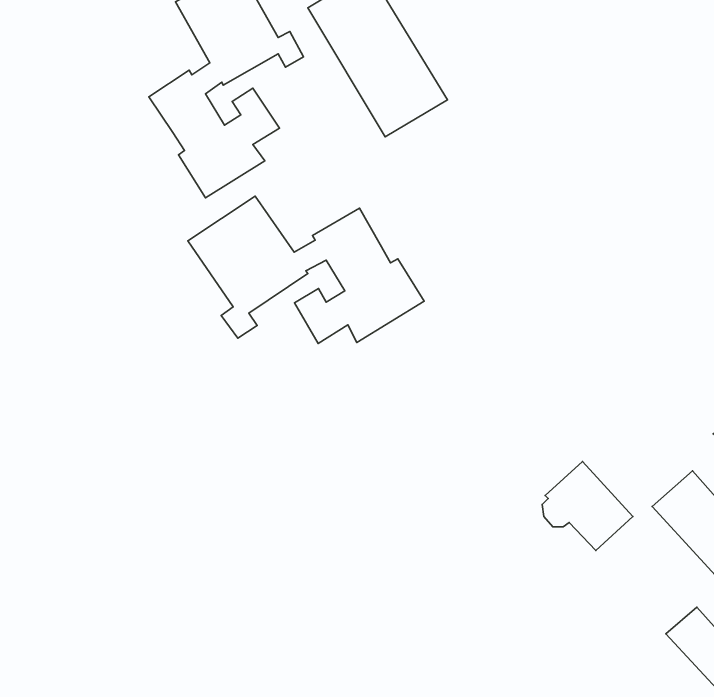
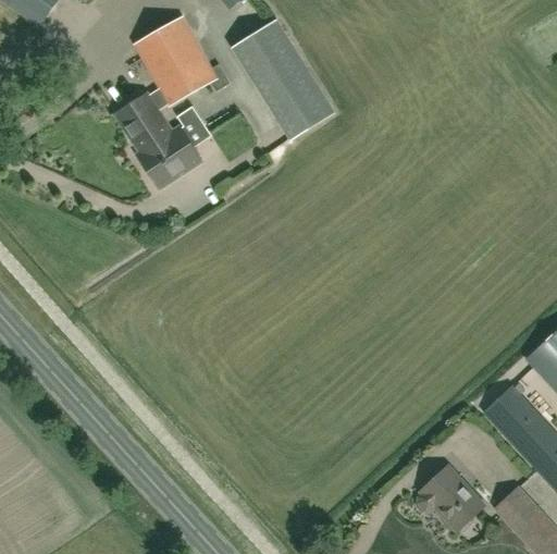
building: [188,196,424,344] -> none
building: [542,462,633,551] -> [418,464,484,529]

